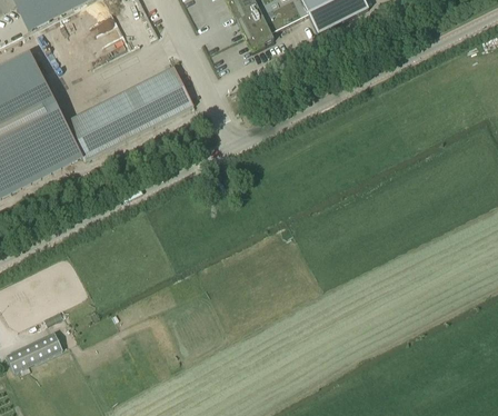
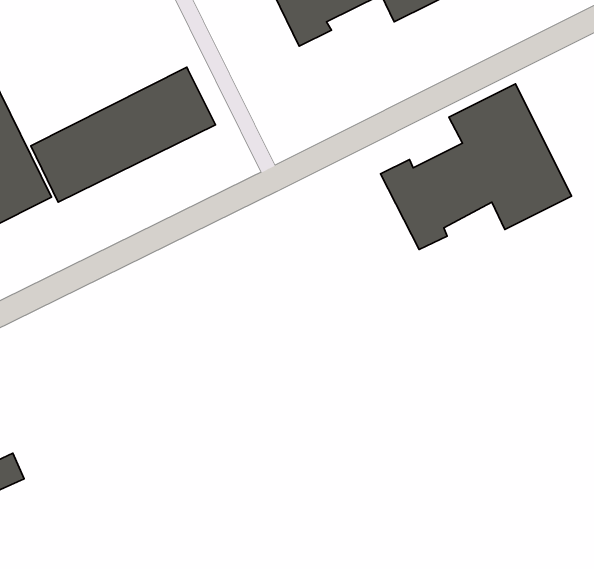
building: none -> [381,84,571,250]

